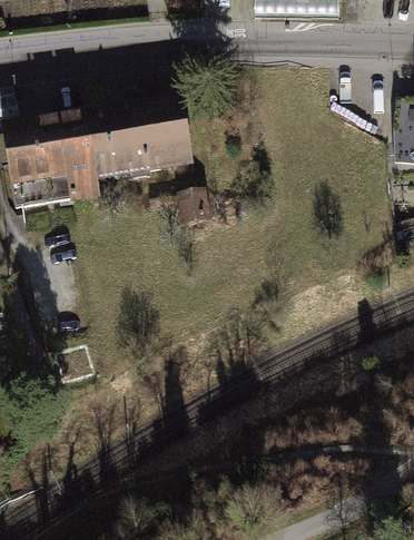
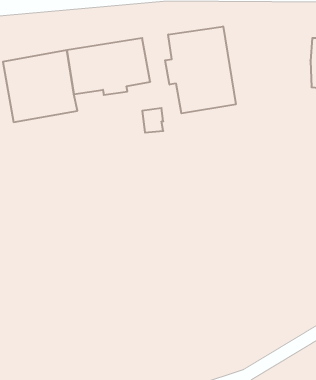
building: none -> [165,26,236,113]

